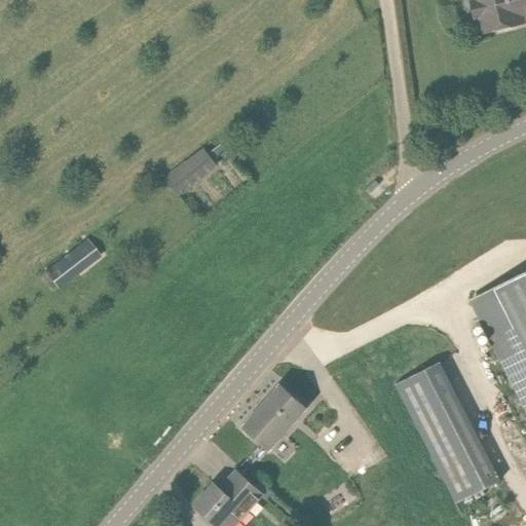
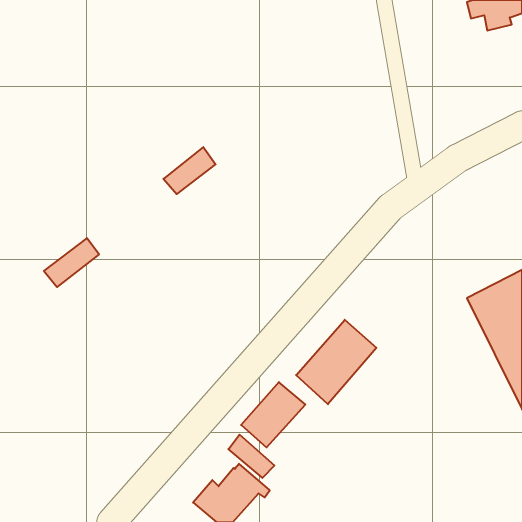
building: none -> [296,320,376,404]
building: [394,362,500,503] -> none
building: none -> [228,435,274,478]

